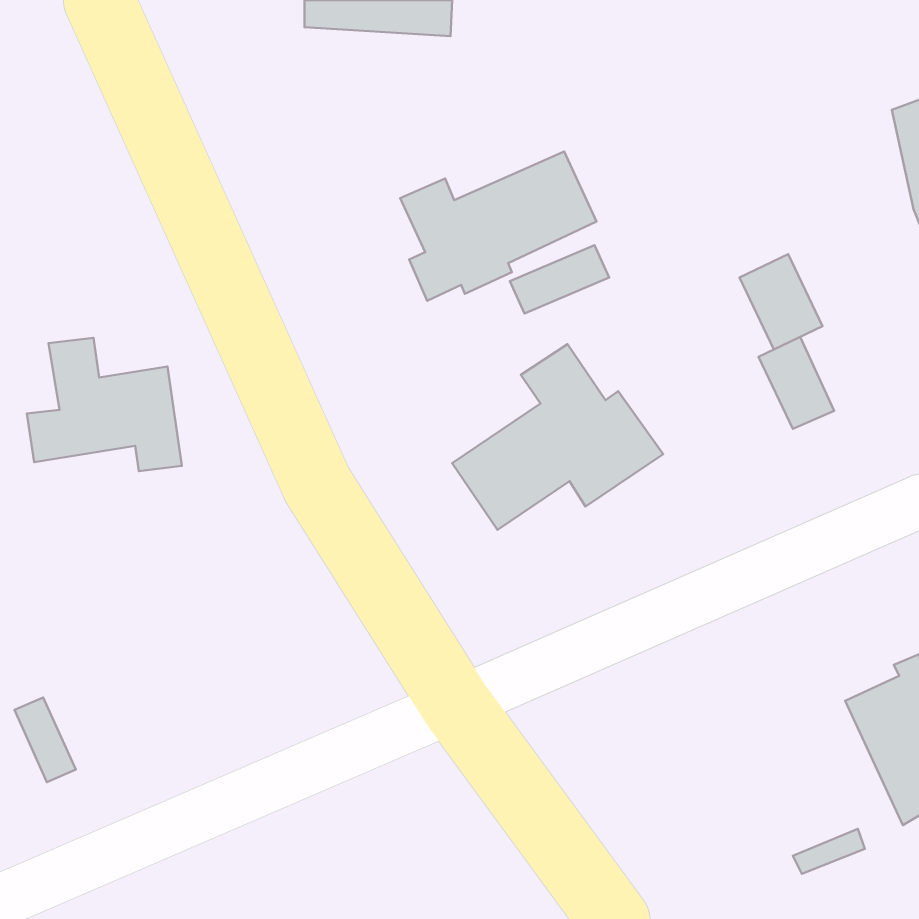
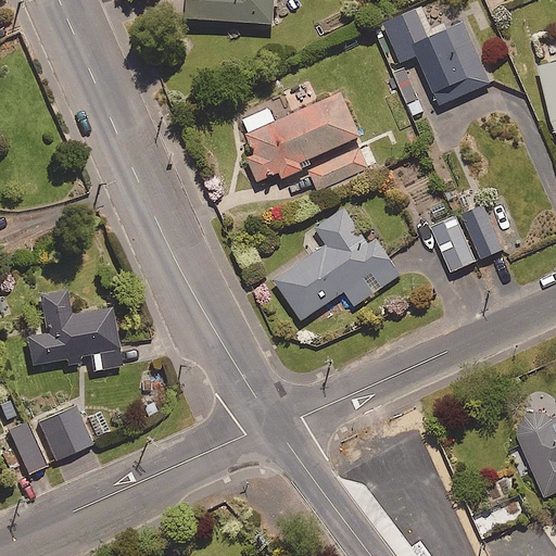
building: none -> [381,7,489,105]
building: [739,254,822,350] -> [429,216,479,274]
building: [27,338,182,471] -> [28,289,122,369]
building: none -> [40,405,93,459]

